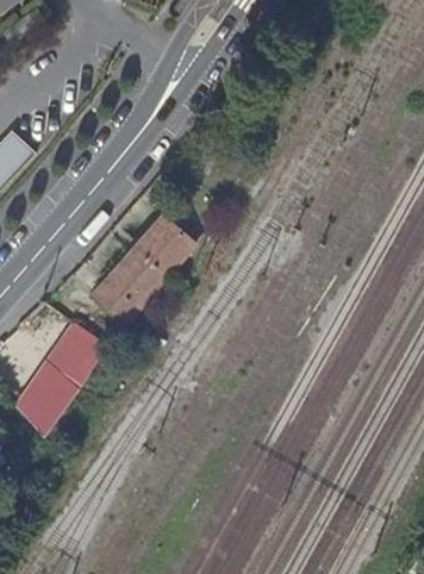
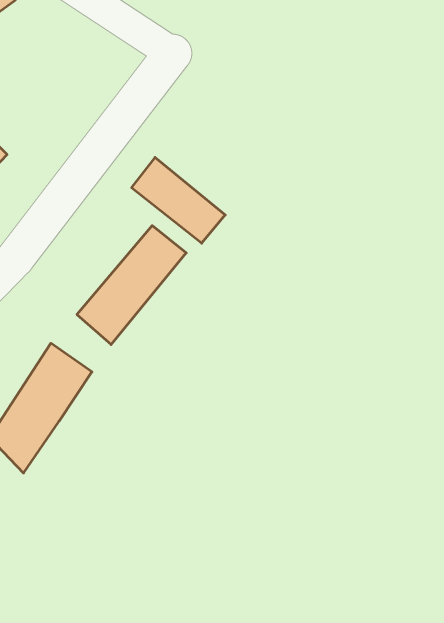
building: none -> [132,157,225,243]

